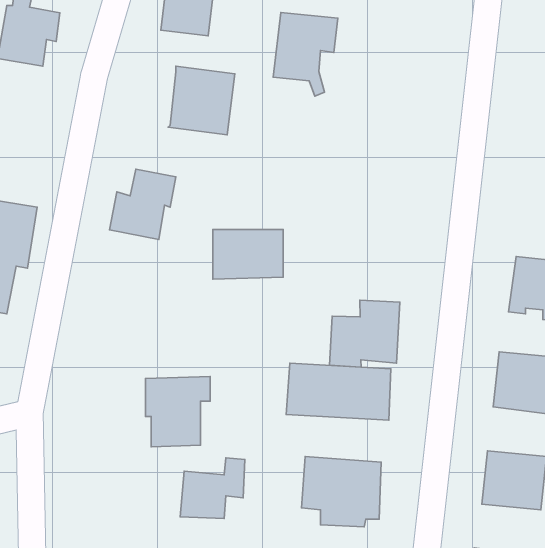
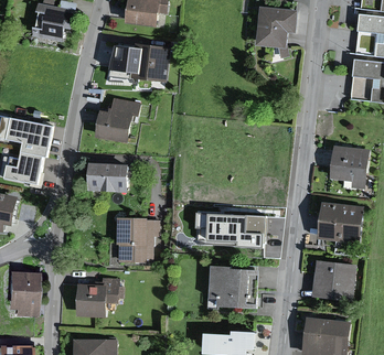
building: [273,12,338,96] -> [257,7,295,55]
building: none -> [110,40,137,74]
building: [213,230,283,279] -> [86,162,127,191]
building: [329,300,400,367] -> none
building: [180,458,245,519] -> [77,278,115,313]

